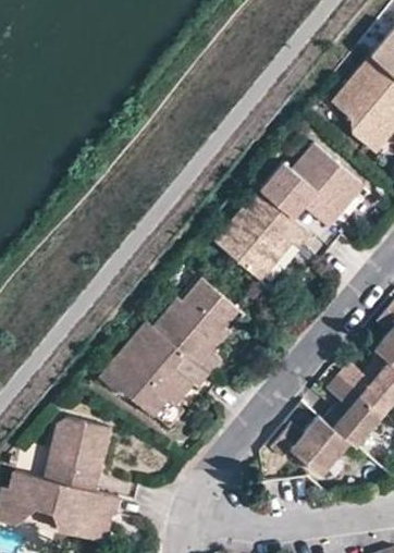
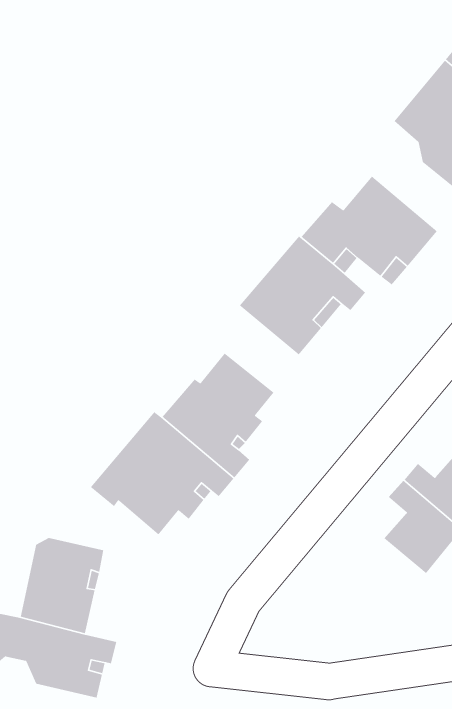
building: [271,415,349,475] -> none

